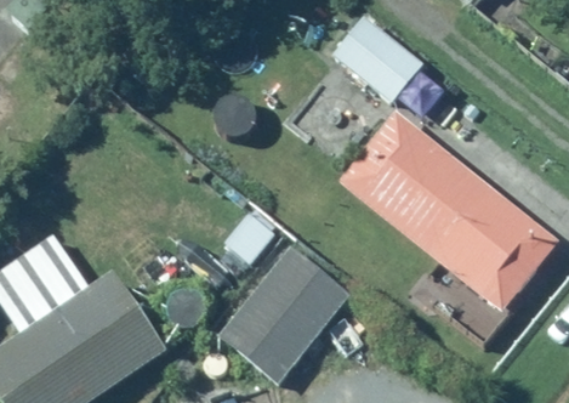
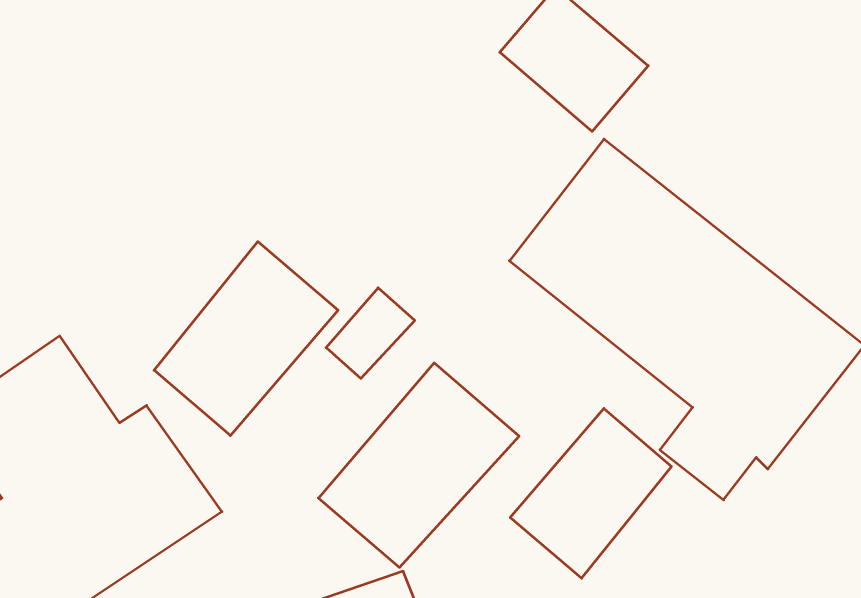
building: none -> [154,242,338,436]
building: none -> [510,408,671,578]

